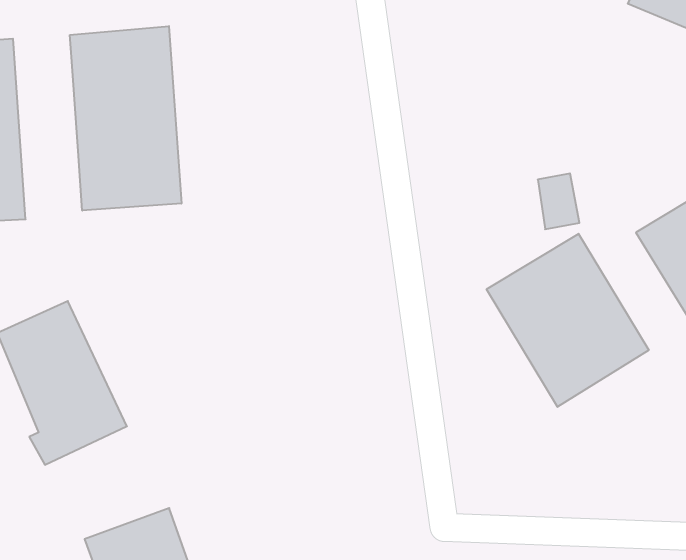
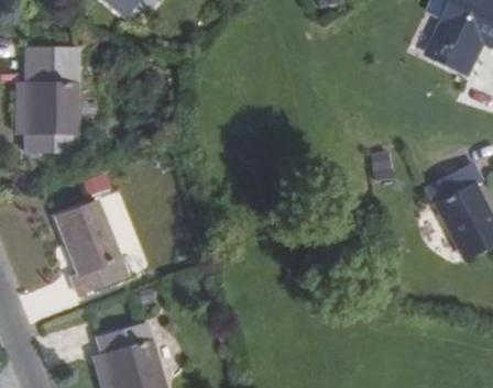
building: [70,26,181,211] -> none
building: [487,234,649,407] -> none

